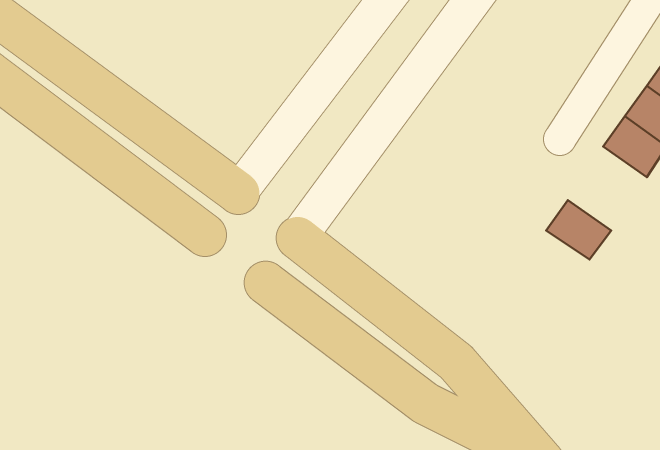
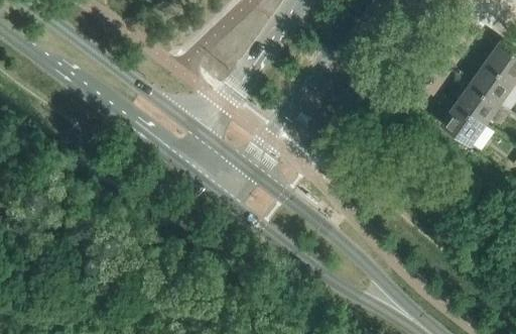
building: [546,200,611,260] -> [440,108,486,149]

